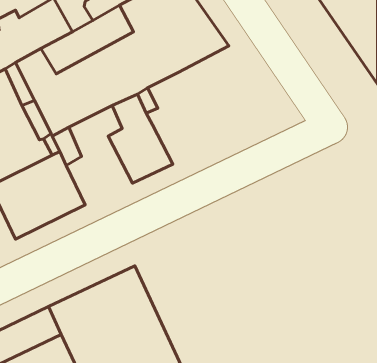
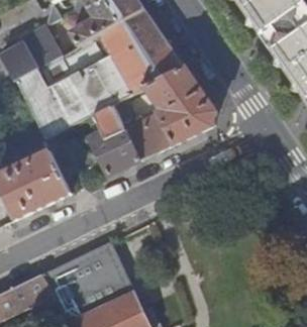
building: none -> [124,66,216,159]

